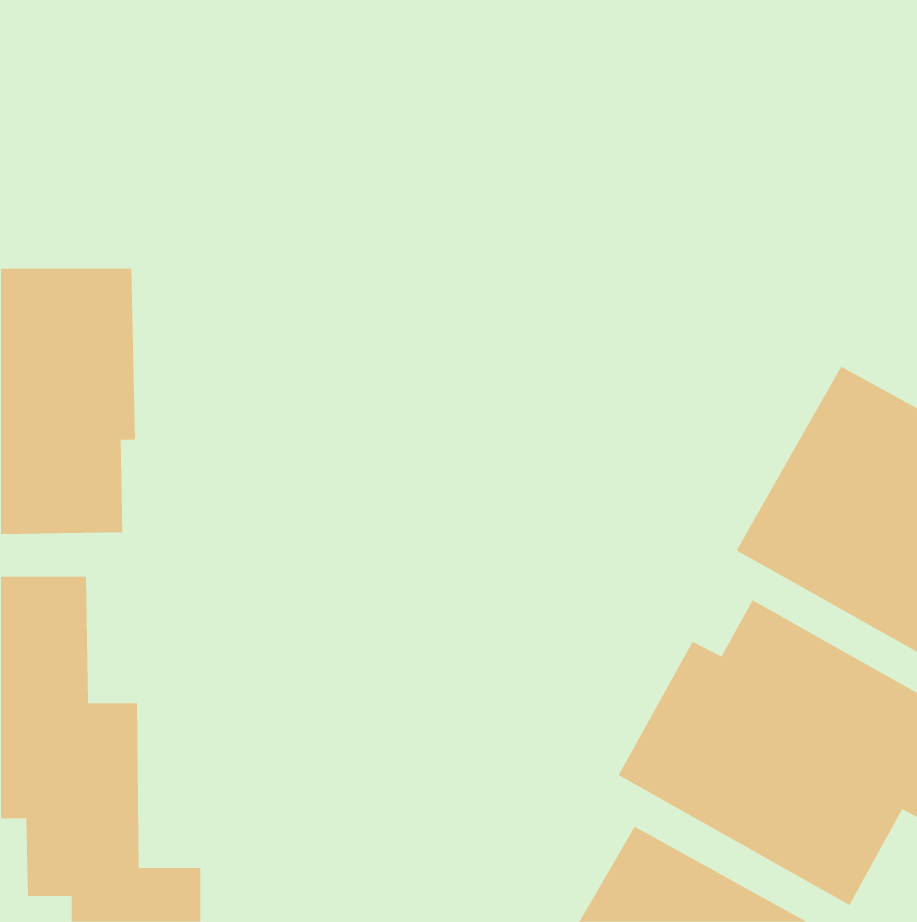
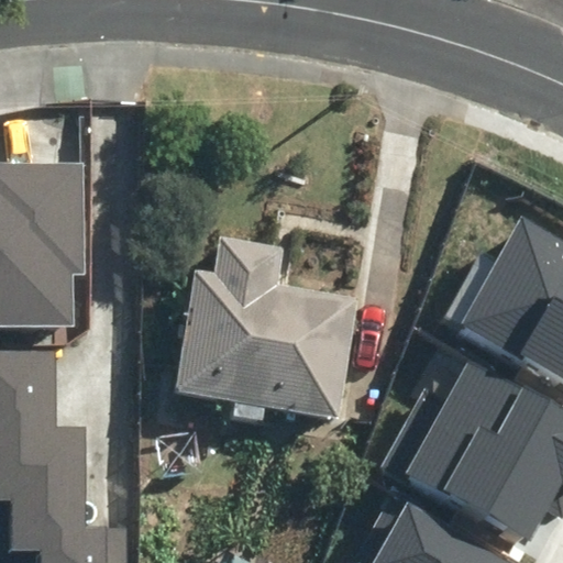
building: none -> [163,242,342,419]

